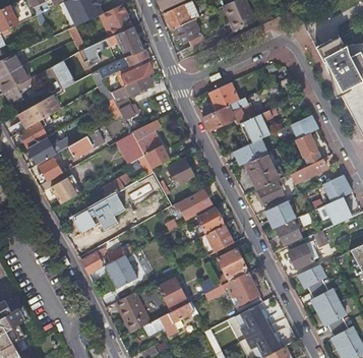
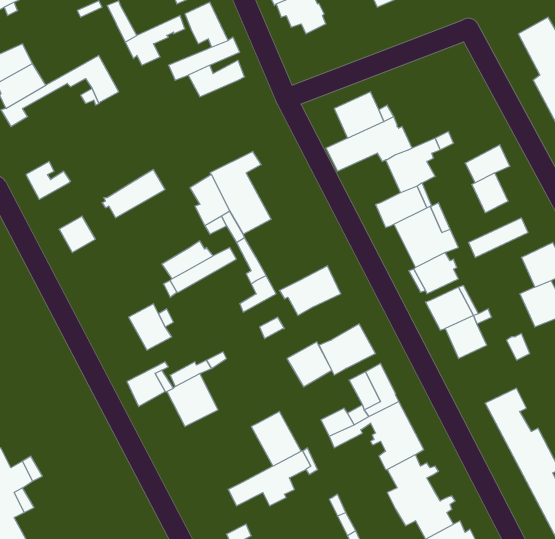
building: [110,74,154,119] -> none
building: [21,99,53,127] -> none
building: [26,137,55,164] -> none
building: [168,159,194,184] -> none
building: [51,174,79,203] -> none
building: [195,206,223,234] -> [287,342,332,387]
building: [288,240,318,268] -> none
building: [114,292,150,333] -> none

